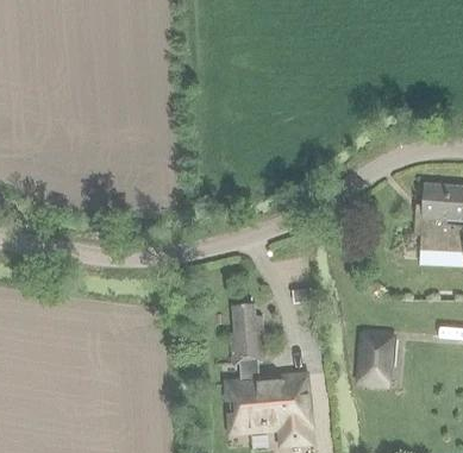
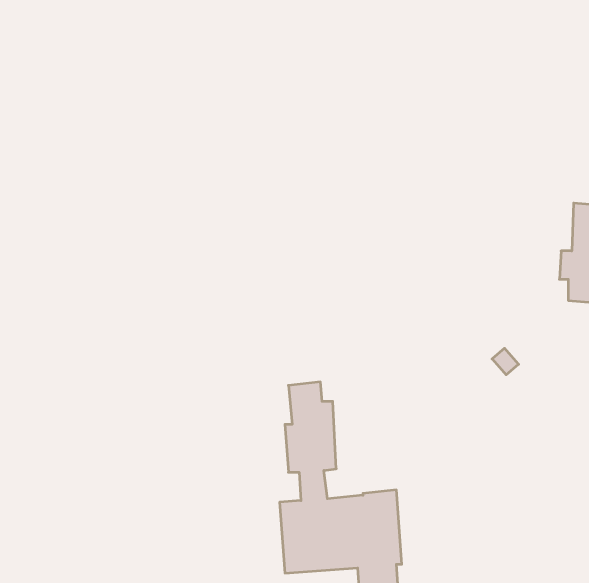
building: [361,334,392,379] -> none

